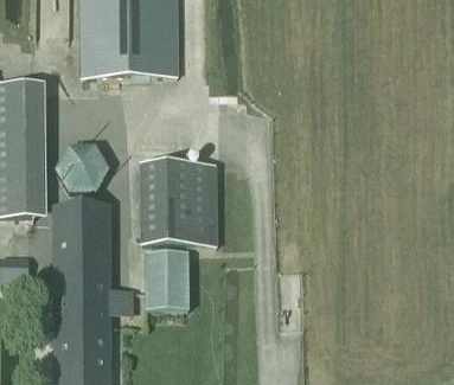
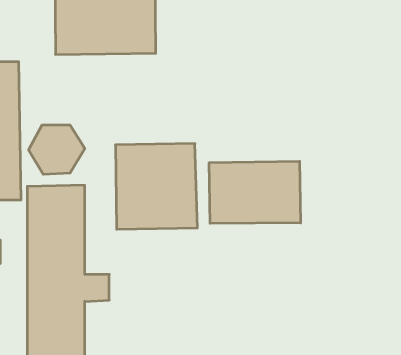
building: none -> [209,161,301,223]
building: [145,250,190,308] -> none

